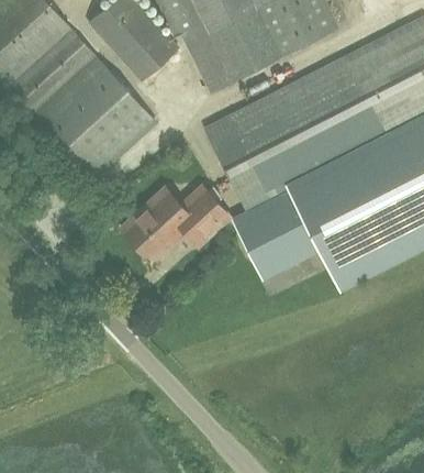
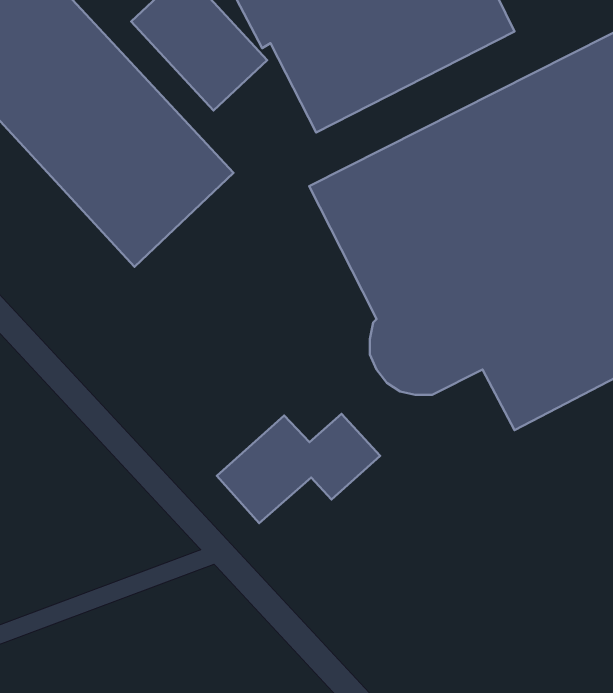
building: [122,188,228,260] -> [217,414,380,523]

